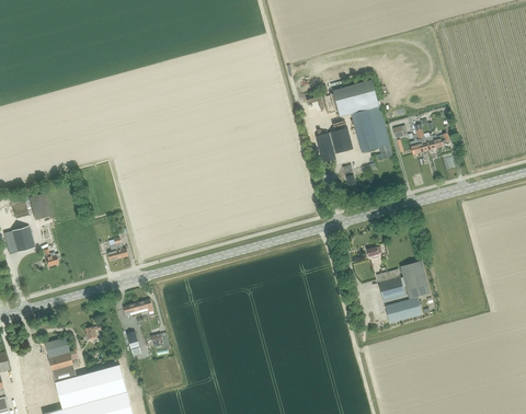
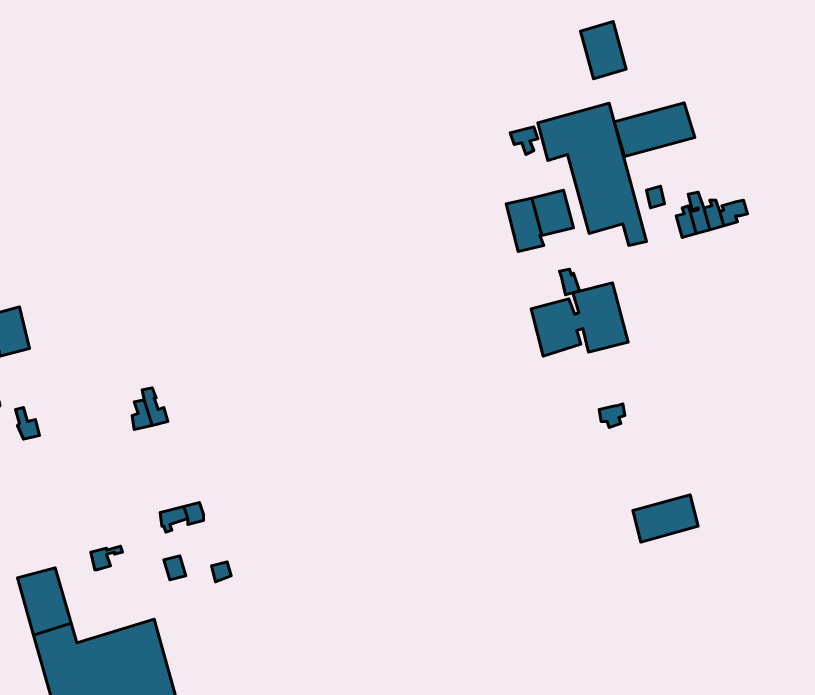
building: none -> [581,22,626,79]
building: none -> [614,103,695,156]
building: [376,261,430,301] -> [531,283,628,356]

